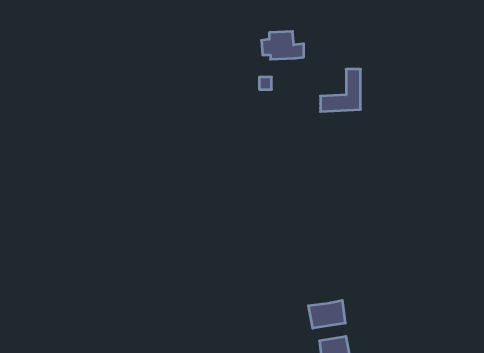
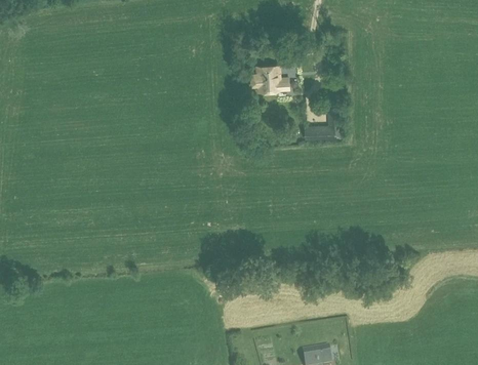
building: [308,300,345,328] -> none

